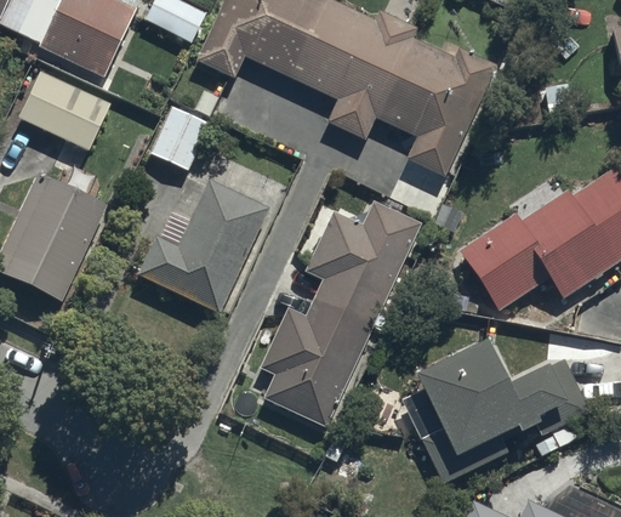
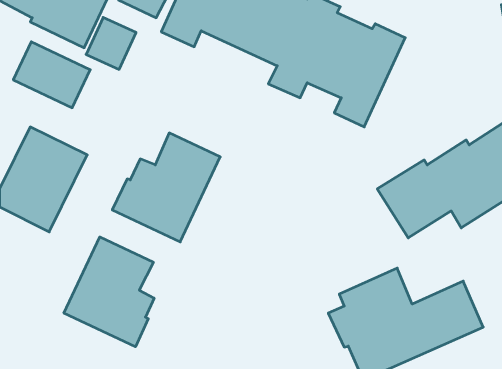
building: [148,106,209,169] -> [86,17,136,69]
building: [260,203,420,427] -> none
building: none -> [64,237,154,347]

